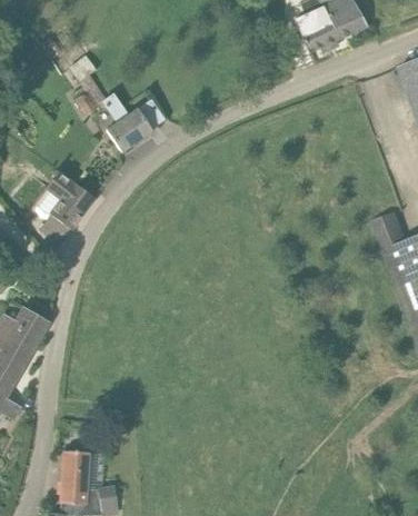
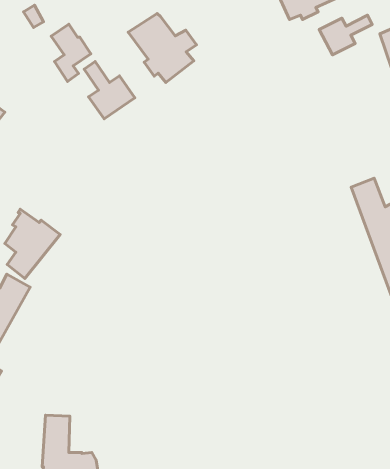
building: none -> [128,14,197,82]
building: none -> [319,15,372,55]
building: [40,171,96,241] -> [5,209,60,279]

